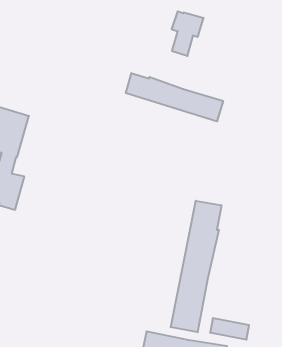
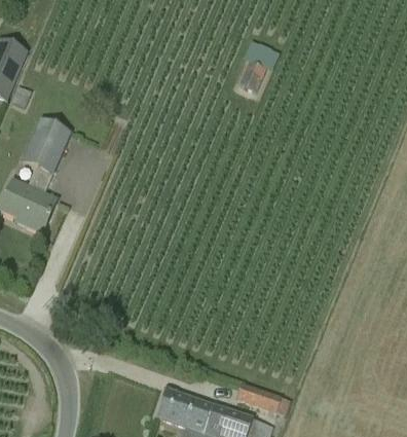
building: [126,73,223,121] -> none
building: [171,201,222,332] -> none

